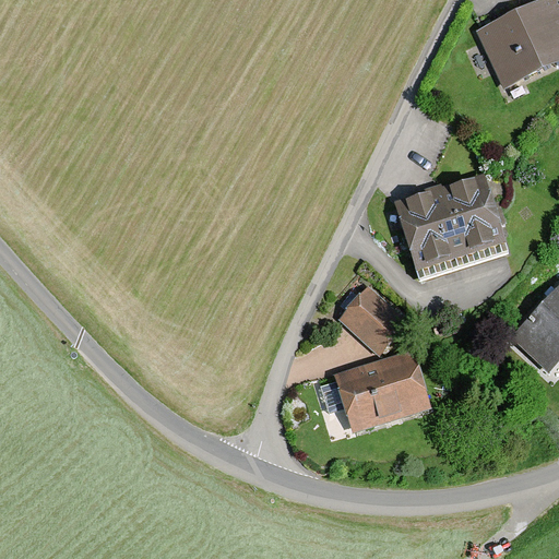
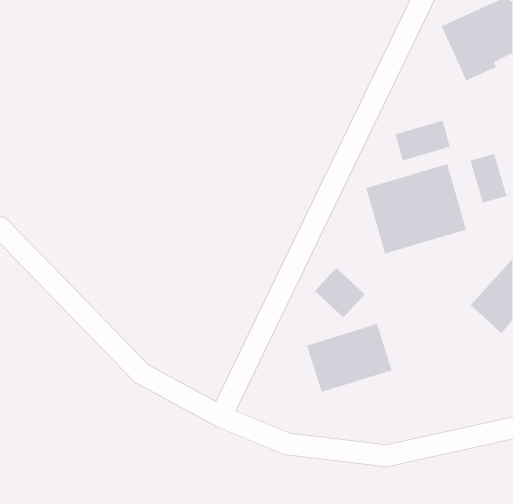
building: none -> [395,120,450,161]
building: none -> [470,153,507,203]

